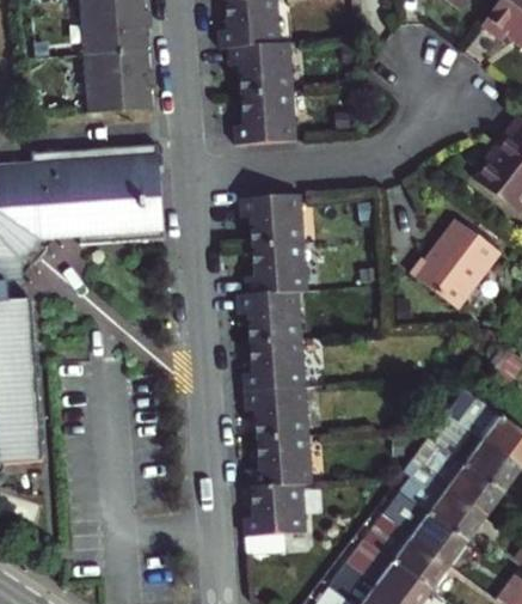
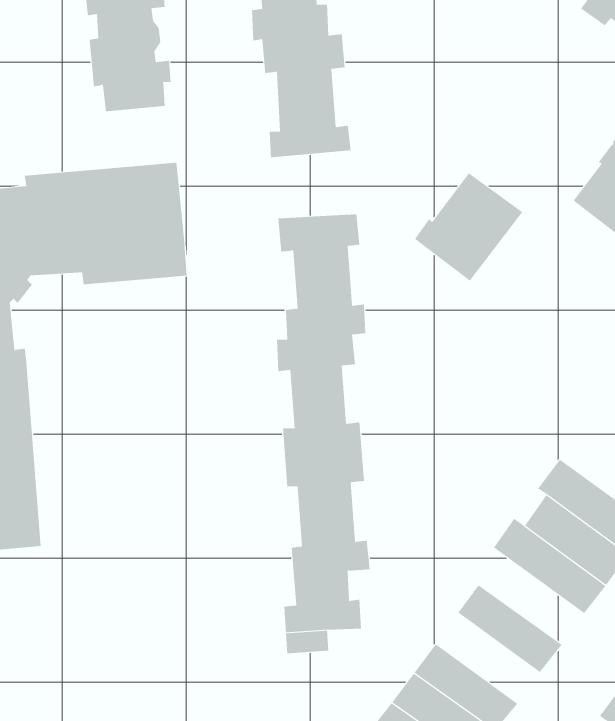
building: [413,220,502,309] -> [414,172,523,282]
building: [401,460,487,539] -> none
building: [367,513,452,587] -> none

